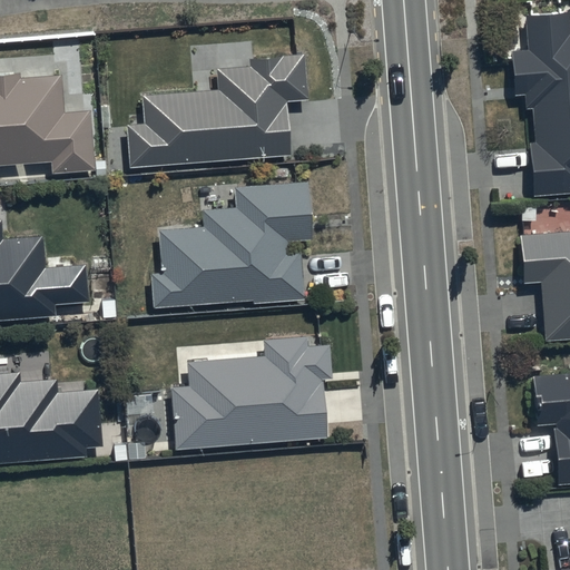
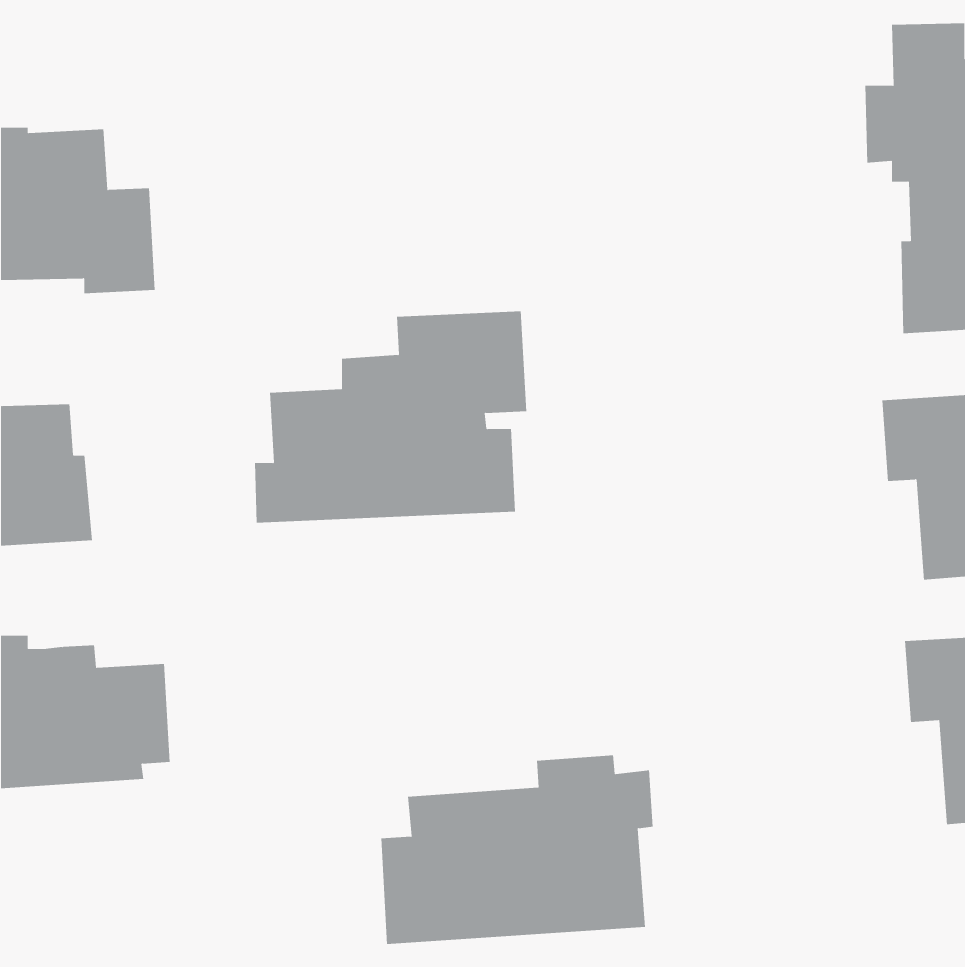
building: [129,56,308,167] -> none
building: [171,337,332,449] -> [381,755,654,944]

